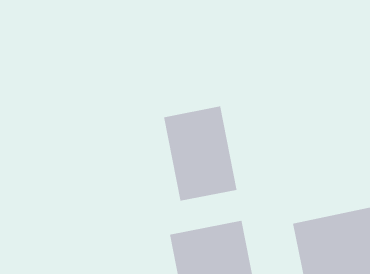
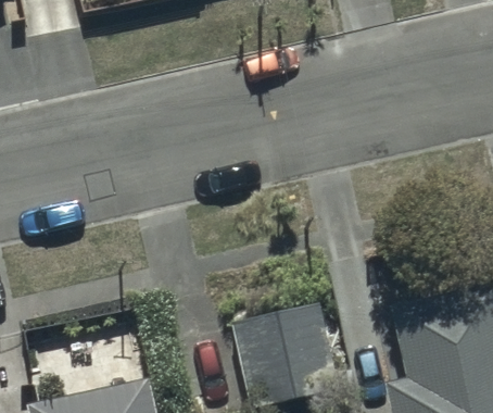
building: [163,105,237,202] -> none

